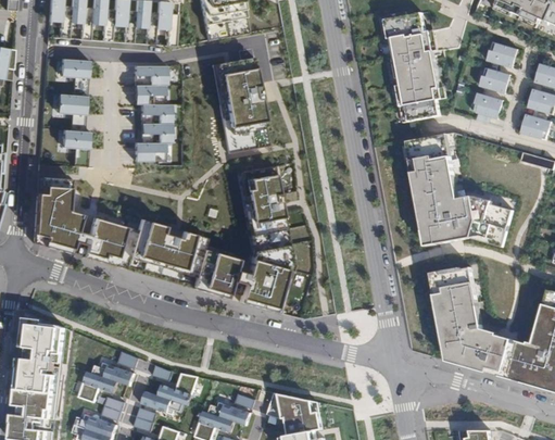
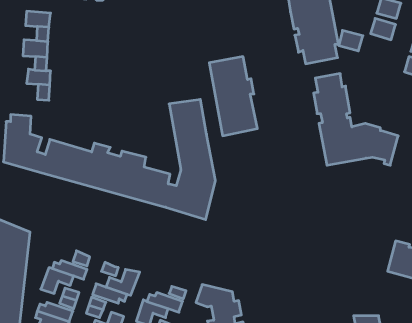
building: [212,55,270,152] -> [209,57,257,136]
building: [134,64,172,160] -> none
building: [472,92,502,117] -> [339,30,363,51]
building: [436,266,509,375] -> none

